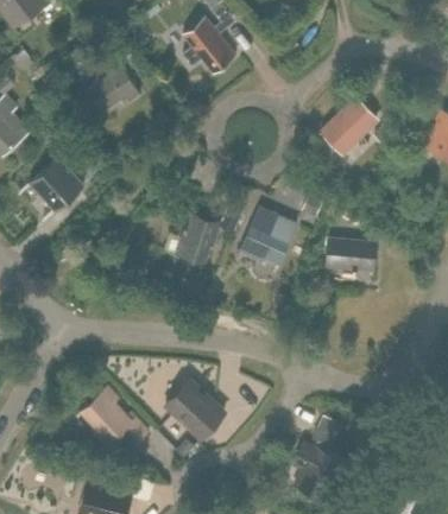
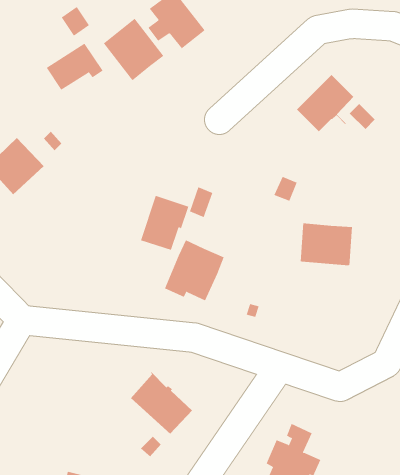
building: none -> [103,18,164,81]
building: [239,207,296,265] -> [164,240,225,301]
building: [81,387,149,446] -> none

